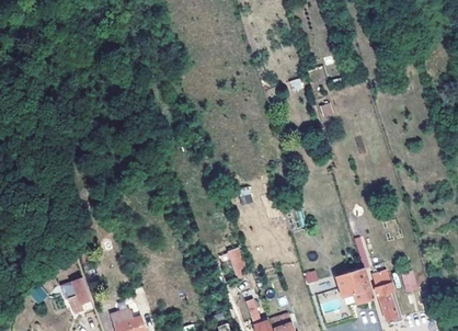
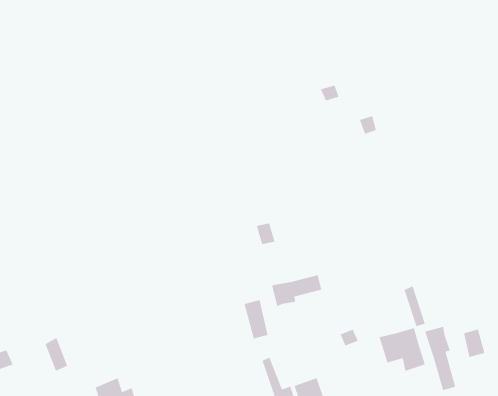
building: none -> [271,274,322,307]

